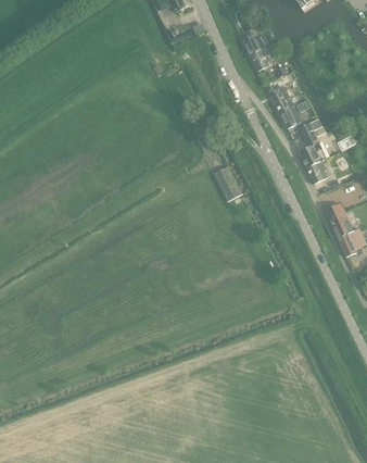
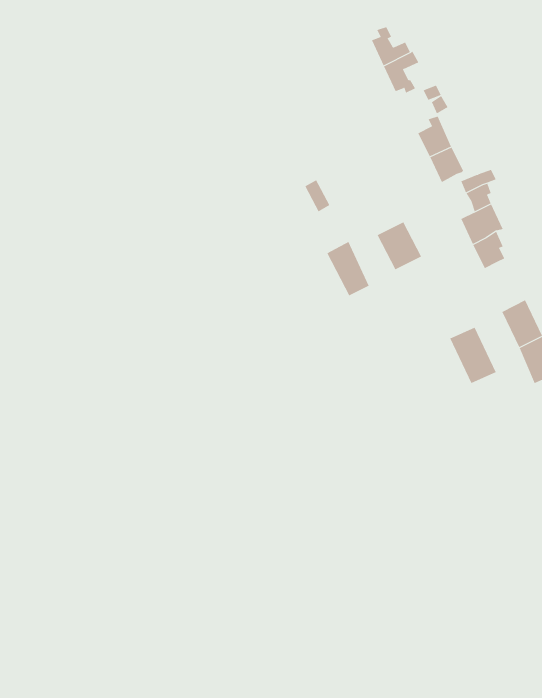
building: none -> [377,222,422,270]
building: none -> [449,327,497,384]

